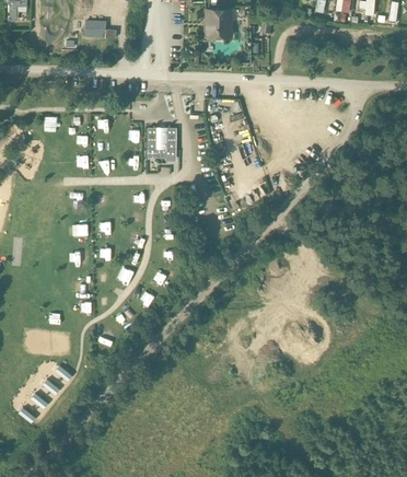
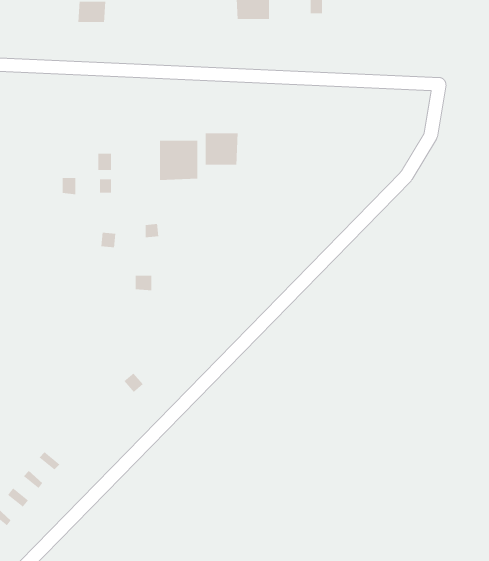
building: none -> [205,133,238,165]

